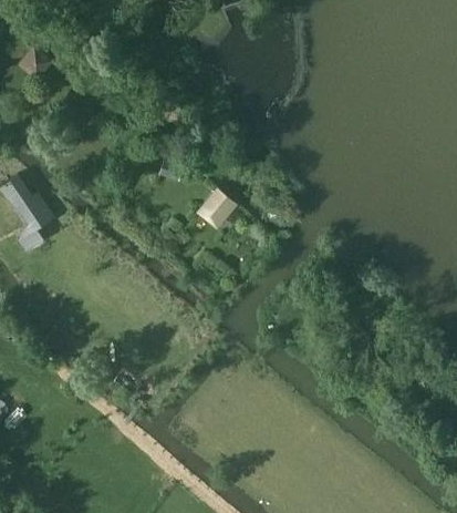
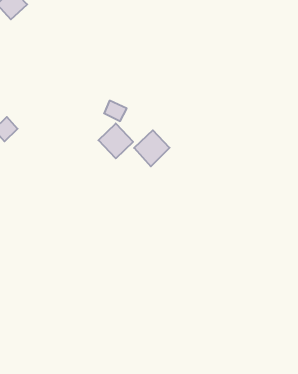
building: none -> [98,123,133,158]

